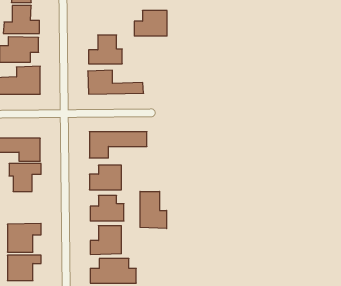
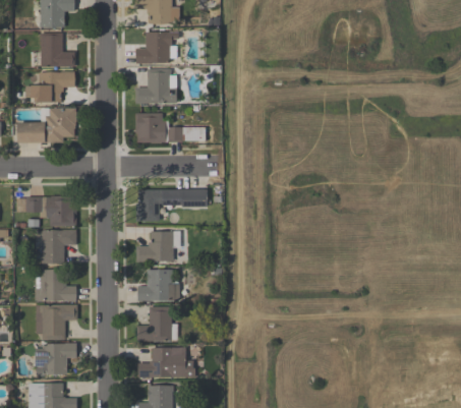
building: [134,11,167,36] -> [135,32,176,63]
building: [140,191,167,229] -> none
building: none -> [34,269,76,299]

